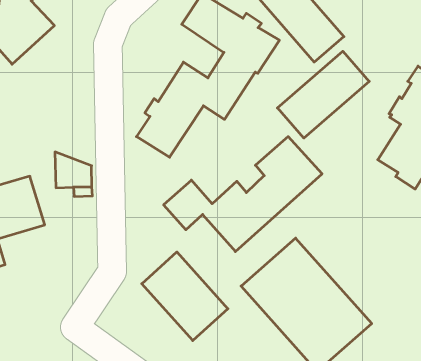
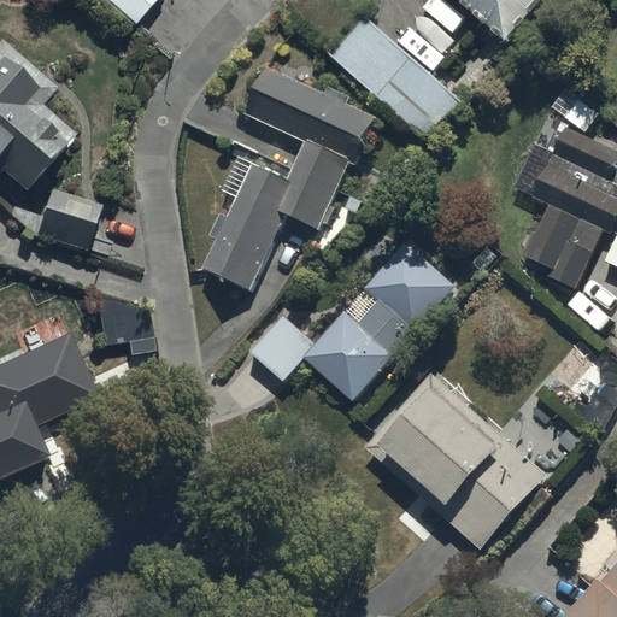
building: [277,51,369,138] -> none
building: none -> [36,189,102,251]
building: [142,252,228,341] -> none

